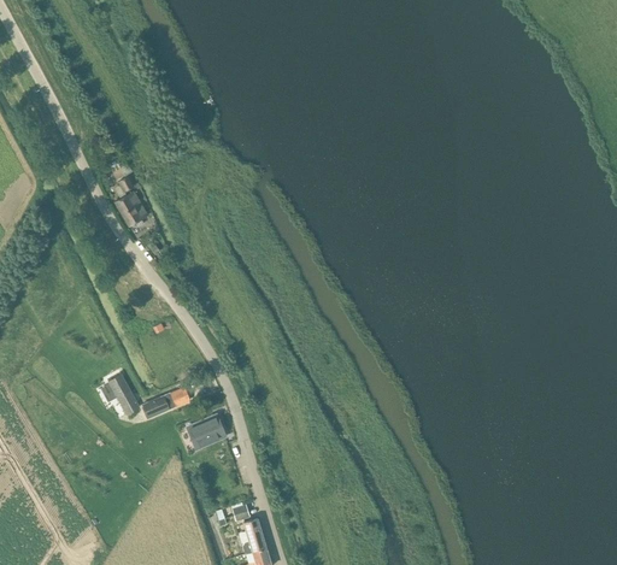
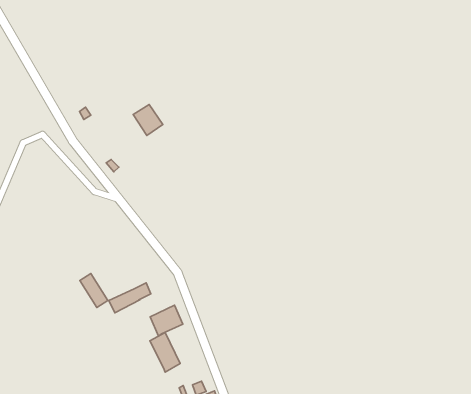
building: [114,190,148,226] -> [133,104,163,136]
building: none -> [150,332,180,372]

